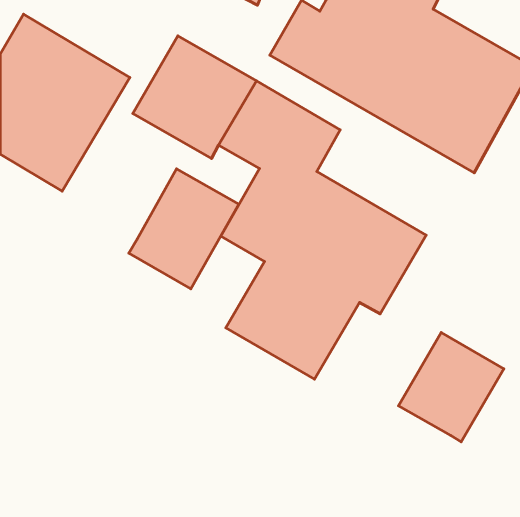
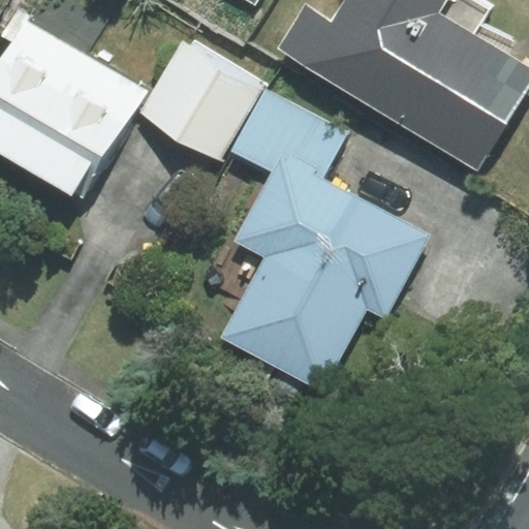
building: [129,169,239,289] -> none
building: [398,333,504,442] -> none

